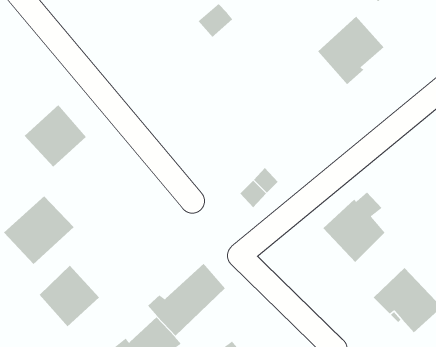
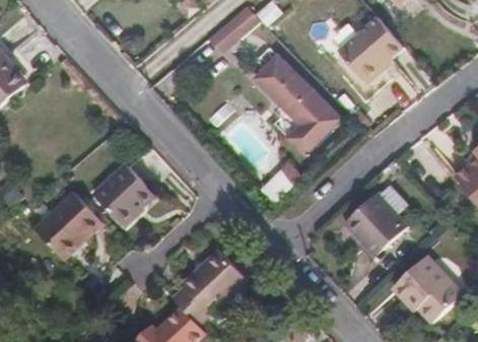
building: none -> [255,55,339,154]
building: [24,104,87,167] -> [94,162,155,223]
building: [39,265,100,327] -> none

